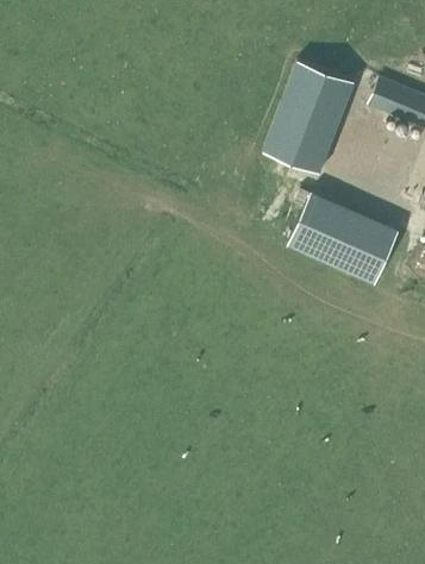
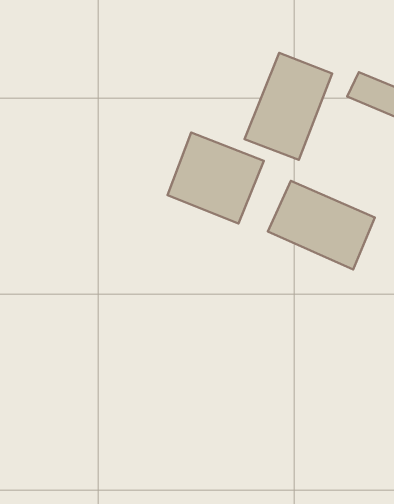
building: none -> [167,133,264,223]

